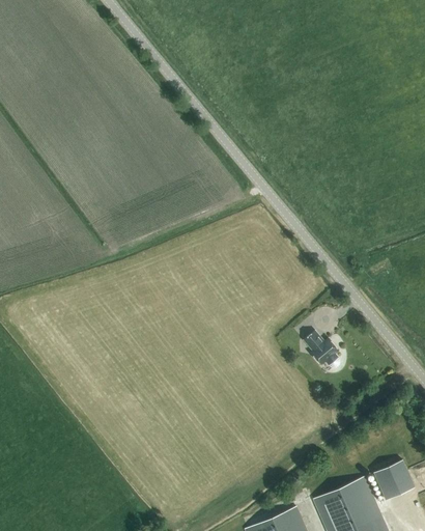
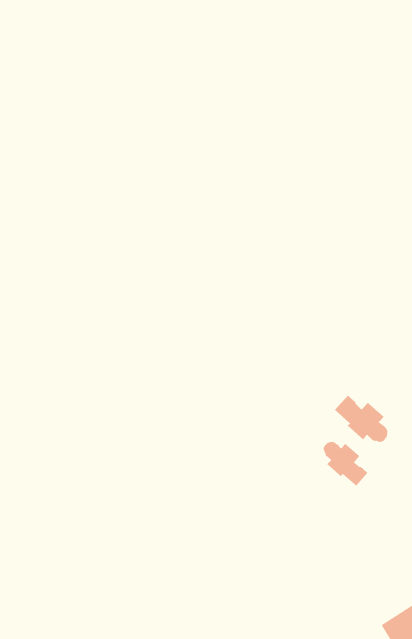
building: none -> [323,441,368,487]

